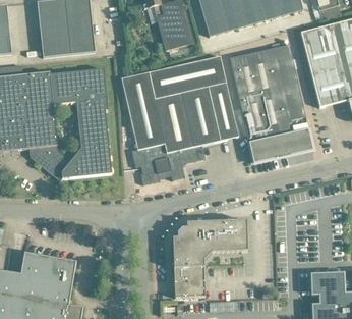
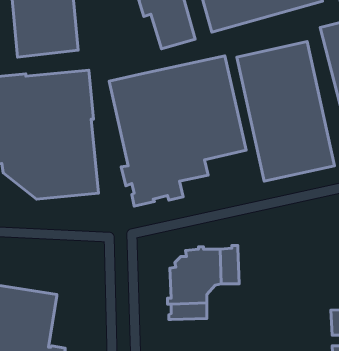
building: [231,217,247,250] -> none
building: [172,279,206,296] -> none

